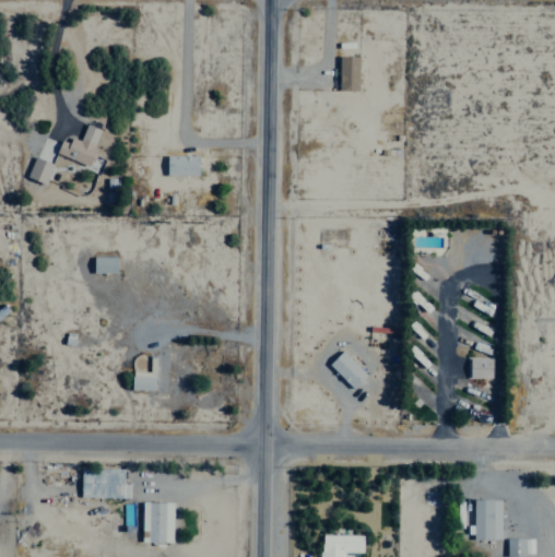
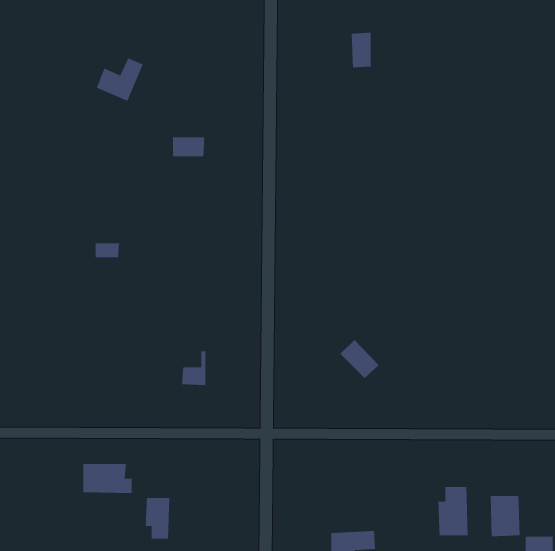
building: [59,125,105,167] -> [96,57,144,102]
building: [31,157,56,183] -> none
building: [134,357,158,391] -> [181,351,206,386]
building: [469,358,495,379] -> none
building: none -> [438,486,469,536]

